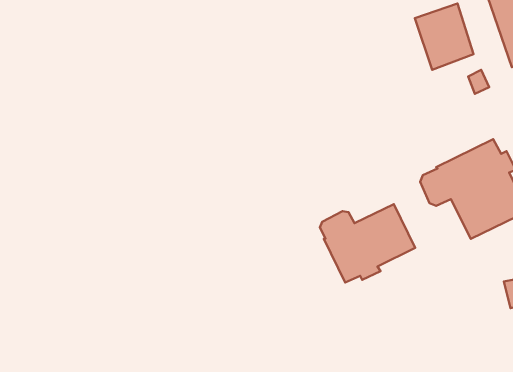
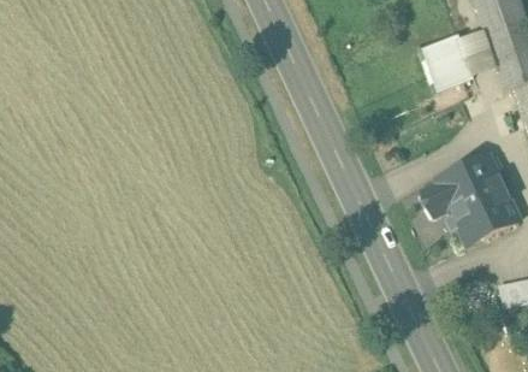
building: [320,204,415,282] -> none

